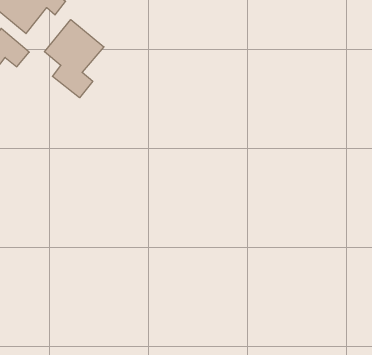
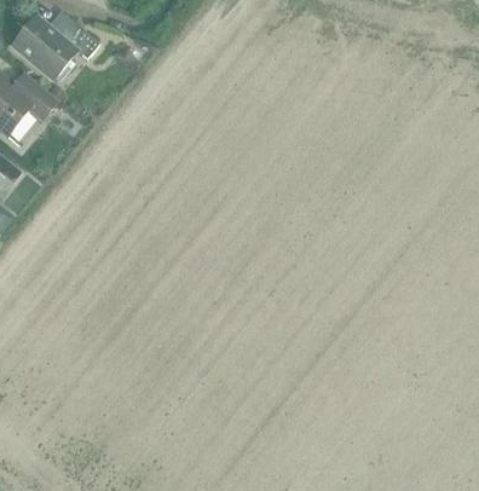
building: [44,20,104,98] -> none

